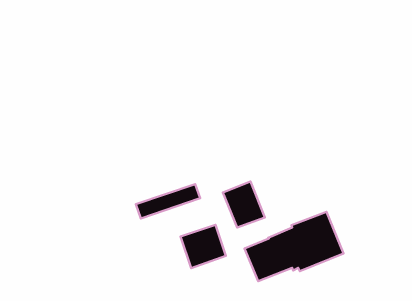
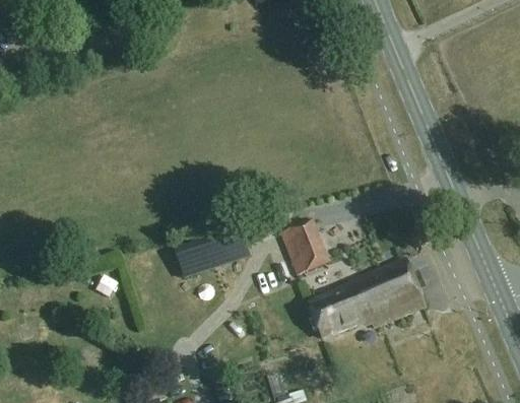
building: [180,225,226,268] -> none

